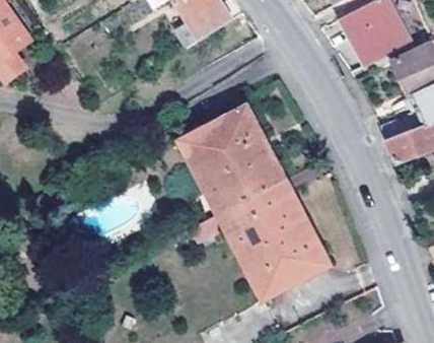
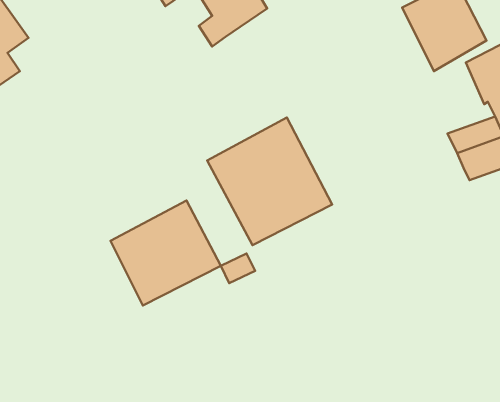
building: none -> [110,200,221,305]
building: [217,179,328,297] -> none

